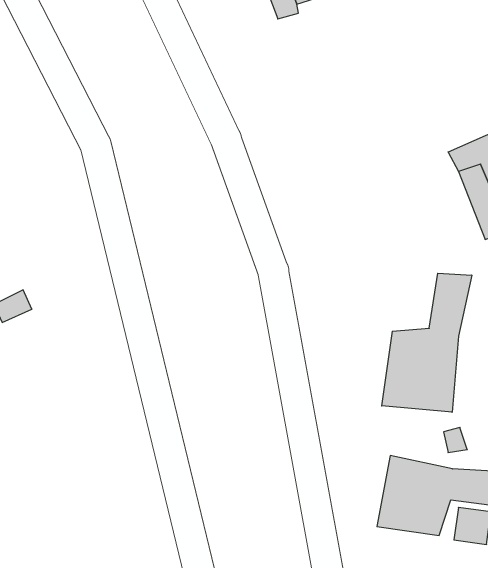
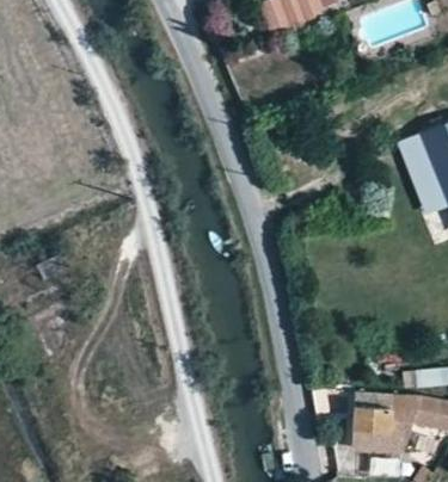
building: [382,273,472,412] -> none

